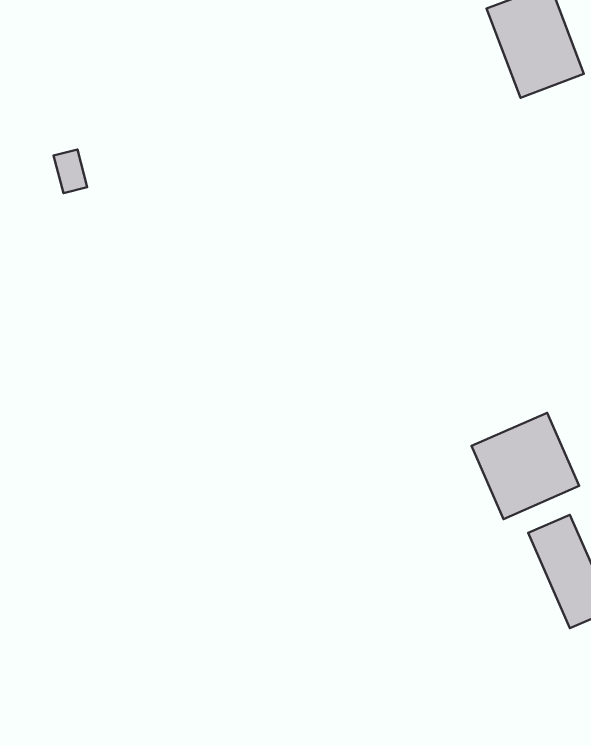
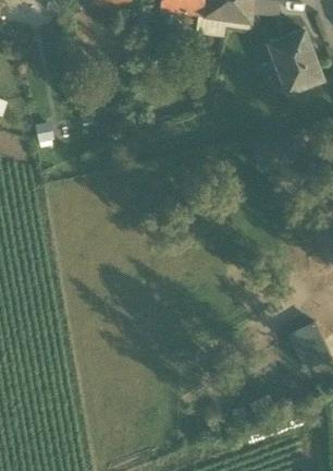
building: [471,413,579,519] -> none

